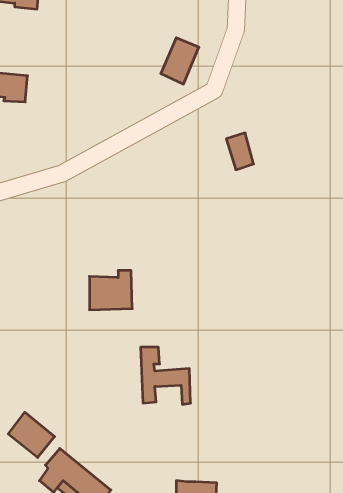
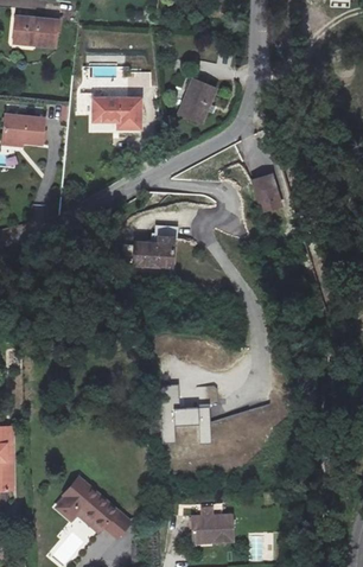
building: none -> [94,94,142,122]
building: [89,271,132,310] -> [136,232,179,272]
building: [8,412,55,458] -> none

